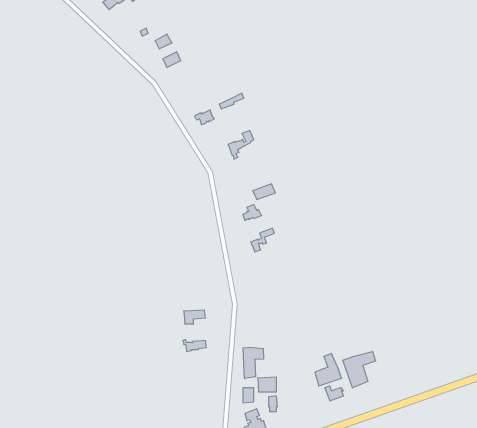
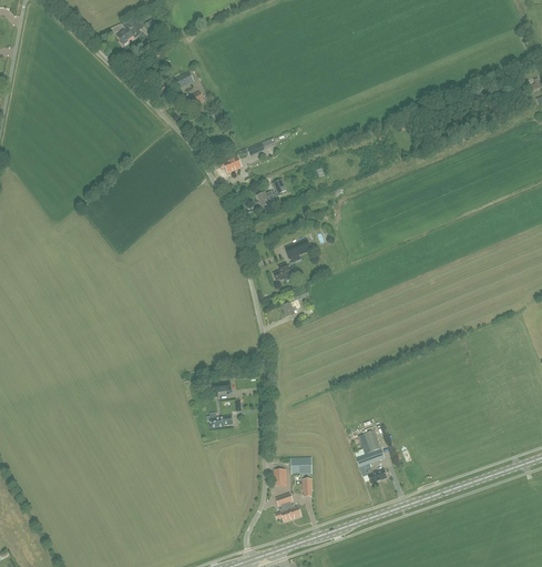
building: [243,347,263,379] -> none
building: [343,351,376,388] -> none

